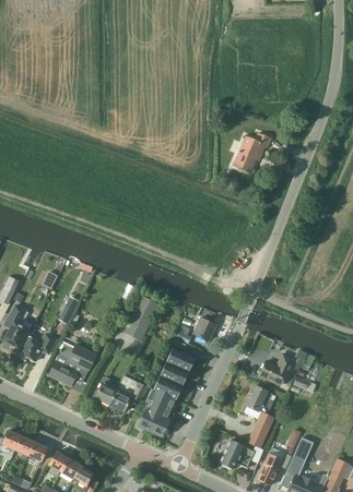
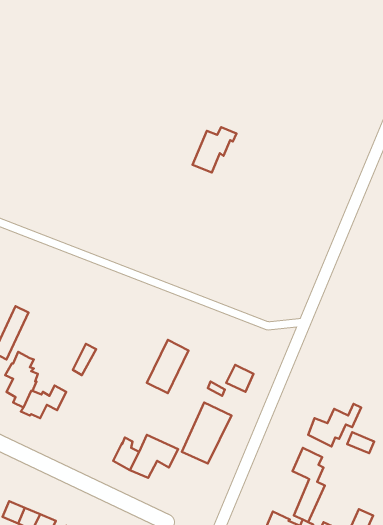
building: [235,132,272,170] -> [192,127,237,173]
building: [49,344,96,385] -> none
building: [138,388,176,436] -> none

